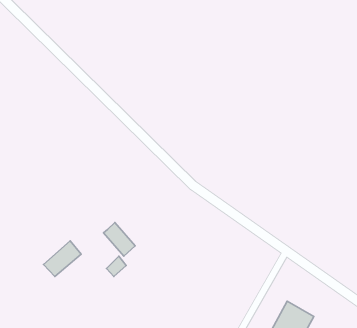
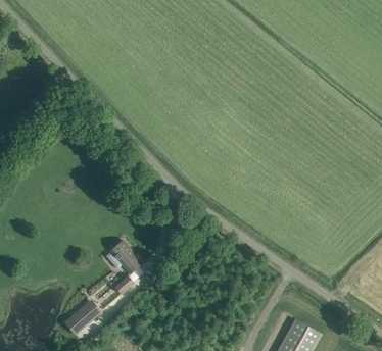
building: [44,241,81,277] -> [63,299,101,335]

